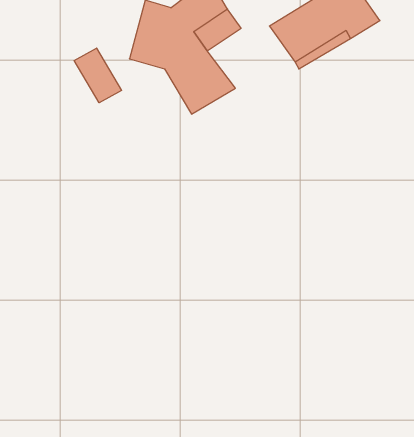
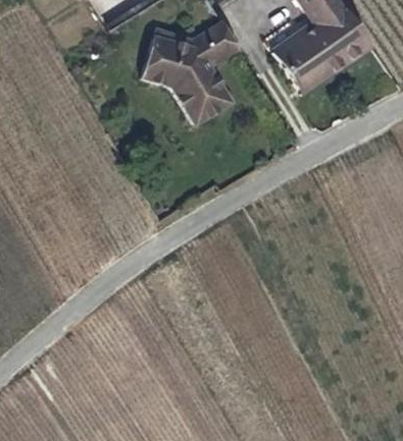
building: [74,48,122,103] -> none

